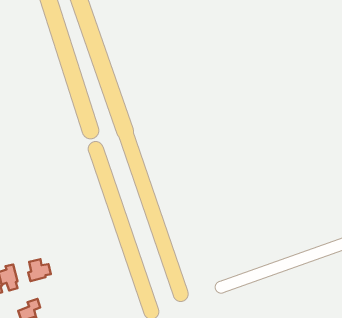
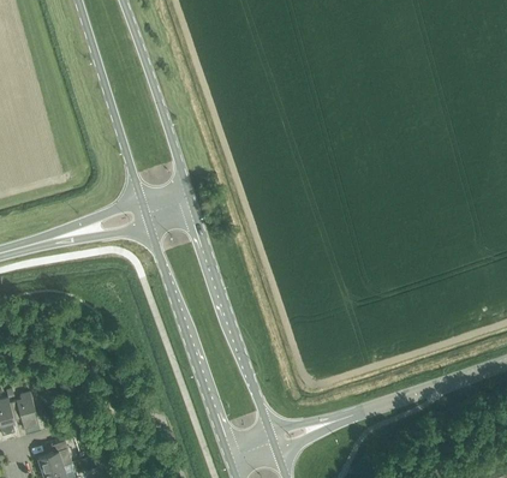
building: [28,259,51,281] -> none

